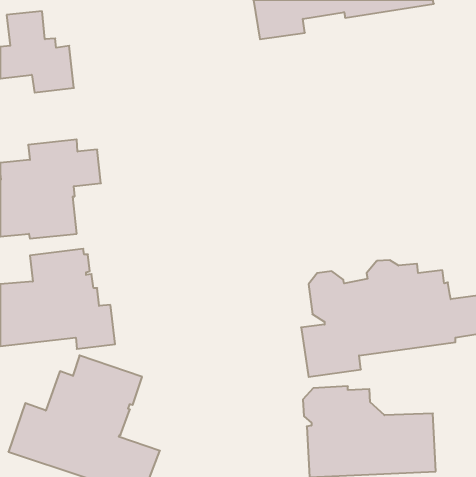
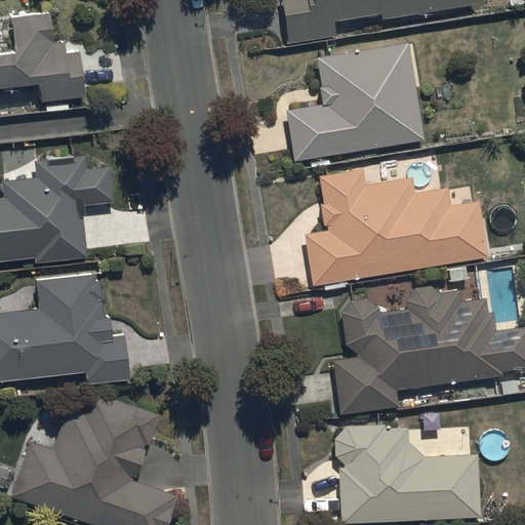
building: none -> [285,42,423,161]
building: none -> [305,168,486,284]

